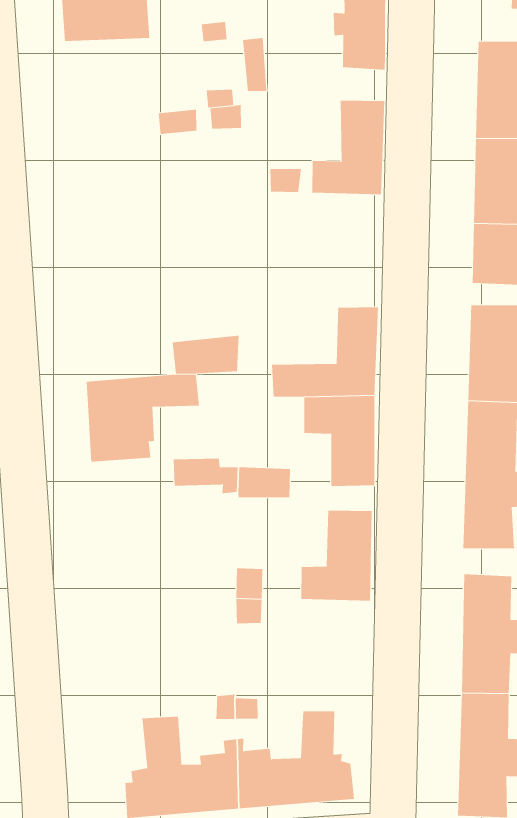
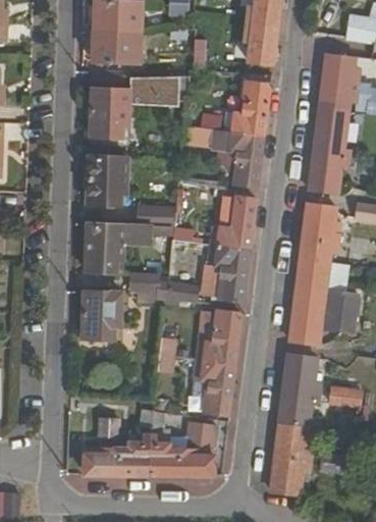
building: none -> [92,31,142,64]
building: none -> [90,72,129,137]
building: none -> [206,130,264,186]
building: none -> [87,155,127,205]
building: none -> [80,291,122,340]
building: none -> [193,360,234,415]

